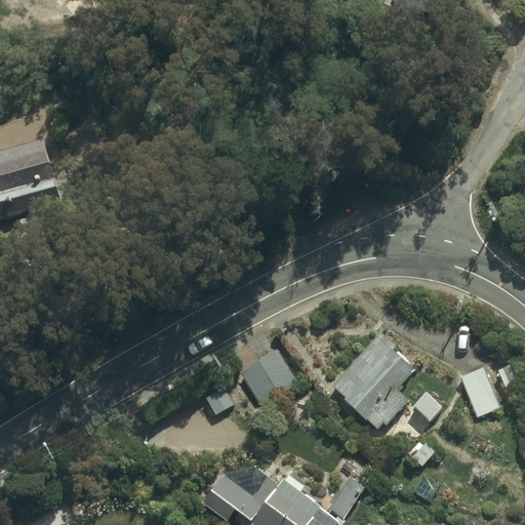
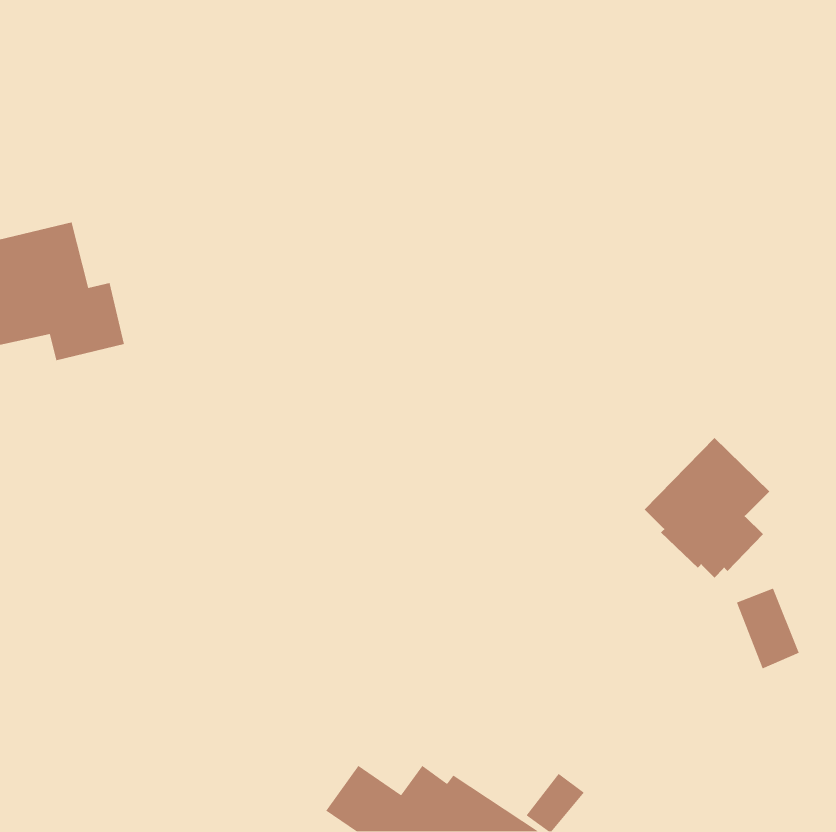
building: [333,334,412,422] -> [644,437,770,578]
building: [239,347,298,403] -> none

